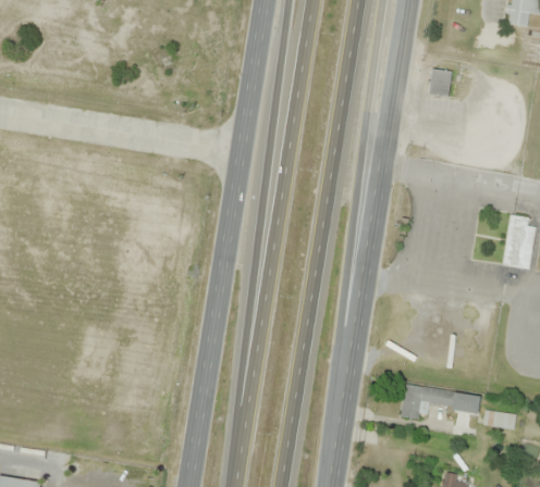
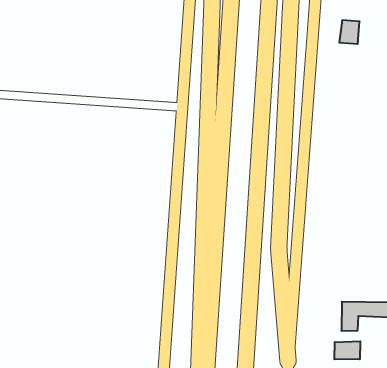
building: none -> [334,341,360,359]

